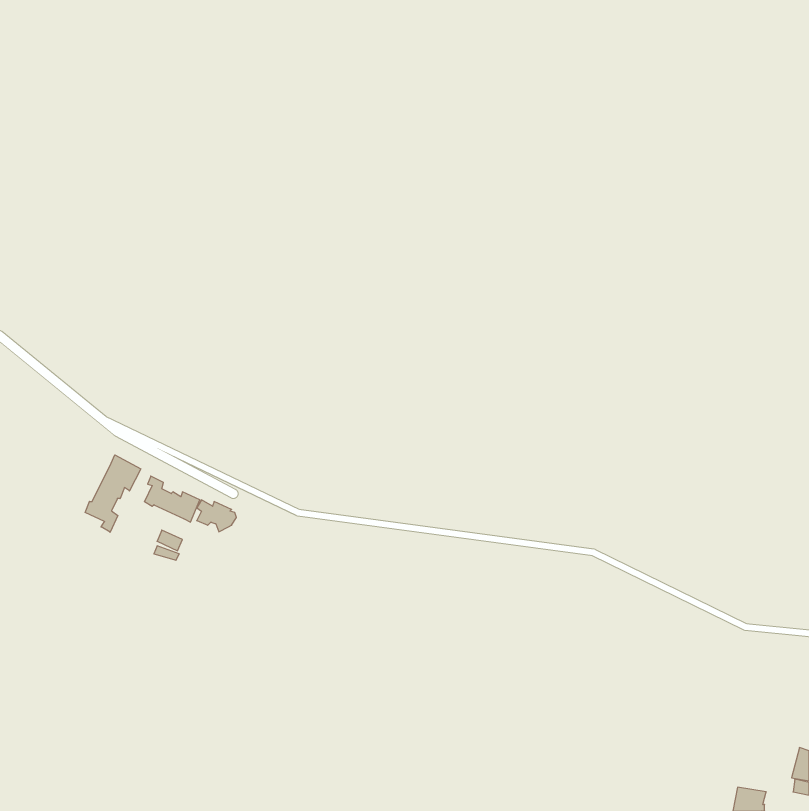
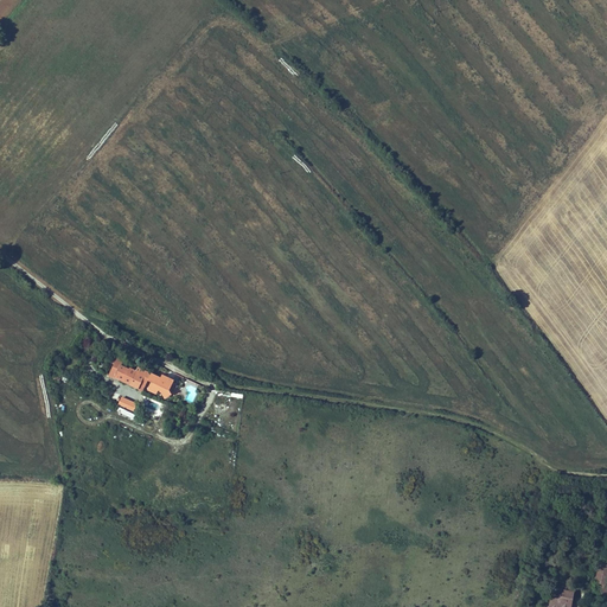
building: [85,455,141,532] -> none

